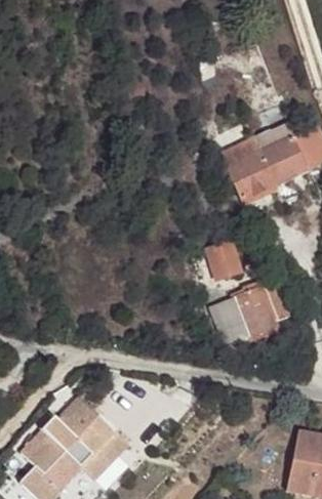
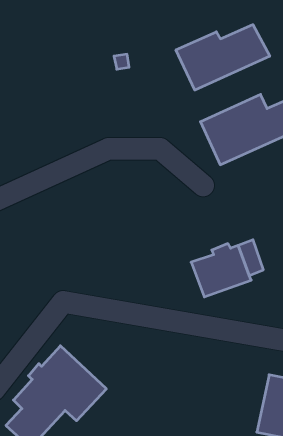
building: none -> [176,25,270,90]
building: [209,235,243,275] -> none

